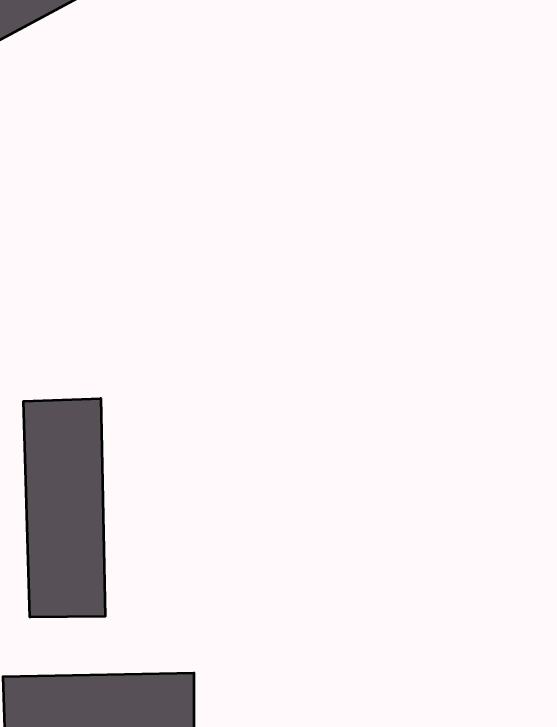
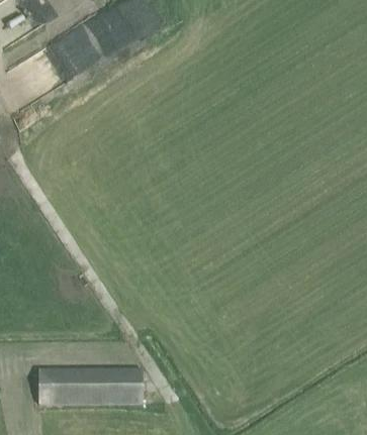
building: [24,398,105,617] -> none

